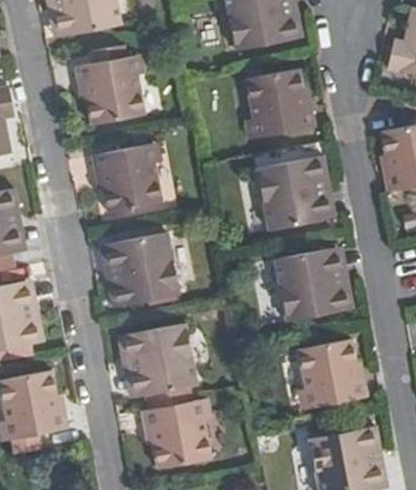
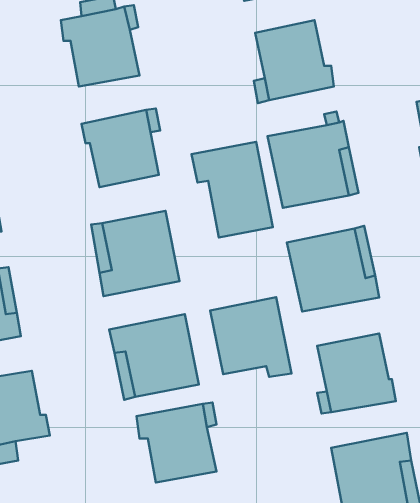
building: none -> [192,142,273,238]
building: none -> [210,297,291,377]

